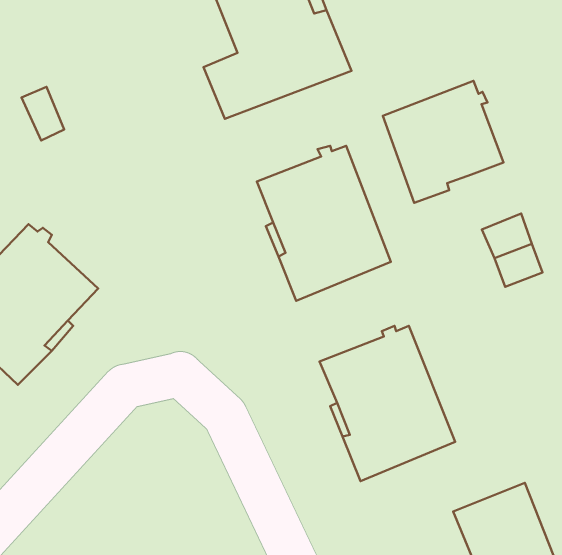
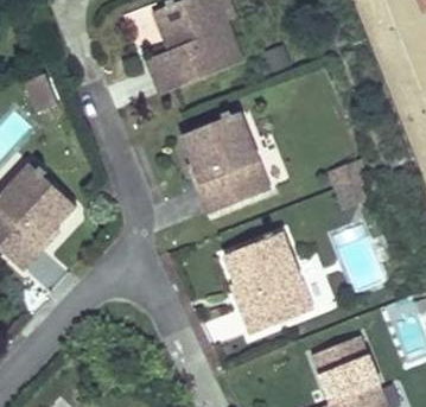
building: [383,81,504,203] -> none

